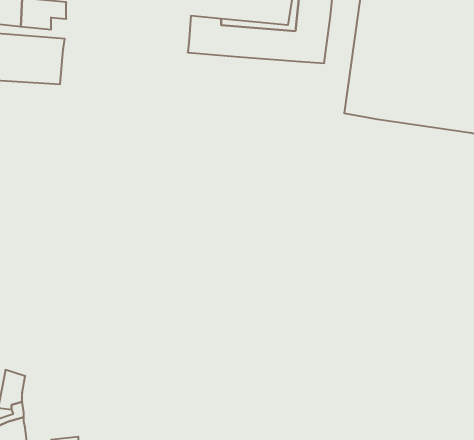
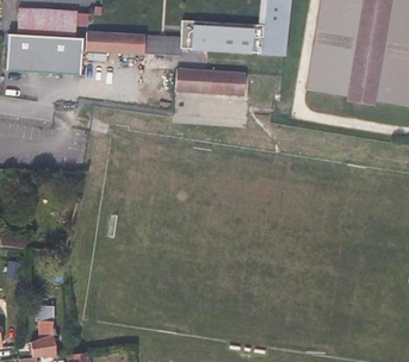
building: none -> [80,29,179,55]
building: none -> [167,76,237,102]

